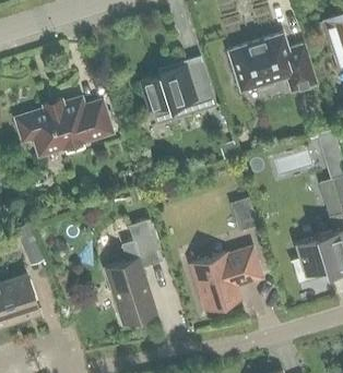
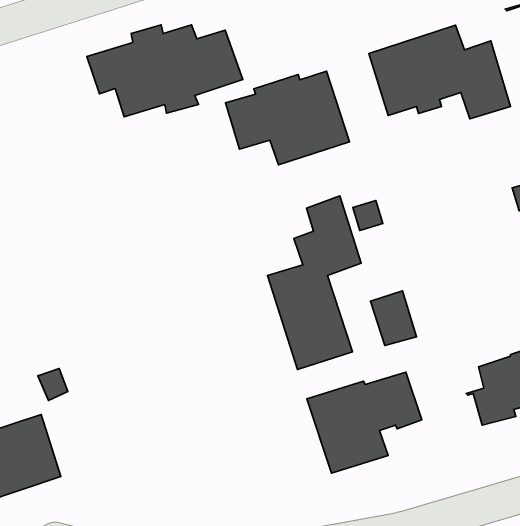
building: [16,98,113,155] -> [87,25,243,117]
building: [105,218,163,325] -> [267,196,361,369]

